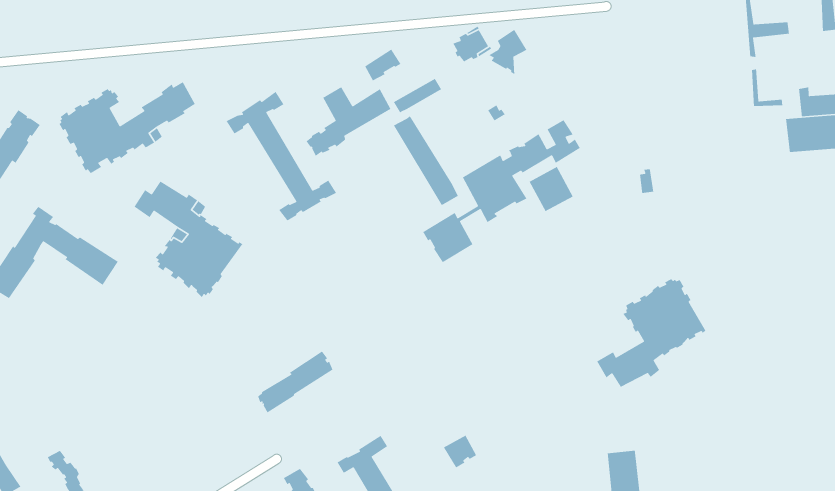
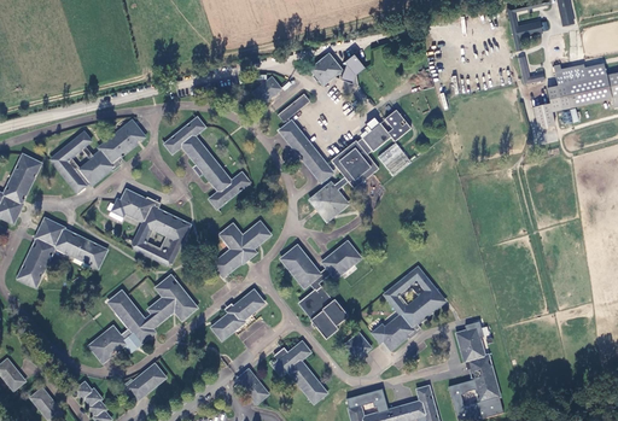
building: [305,86,391,157] -> [214,221,269,274]
building: [596,278,707,388] -> [372,267,444,346]
building: none -> [282,241,360,338]
building: none -> [91,277,194,361]
building: none -> [127,363,165,396]

